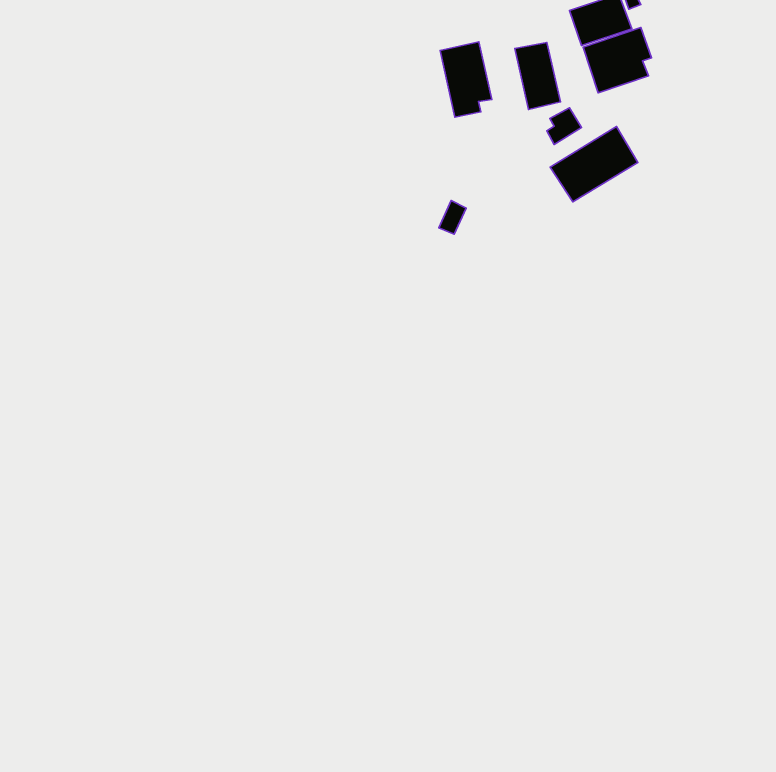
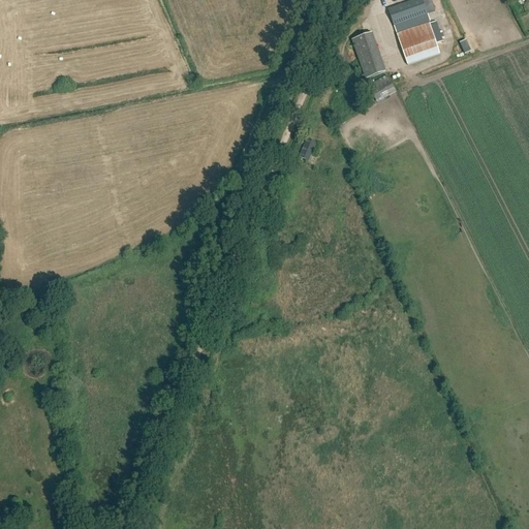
building: [440,42,492,117] -> none
building: [550,127,638,202] -> none

